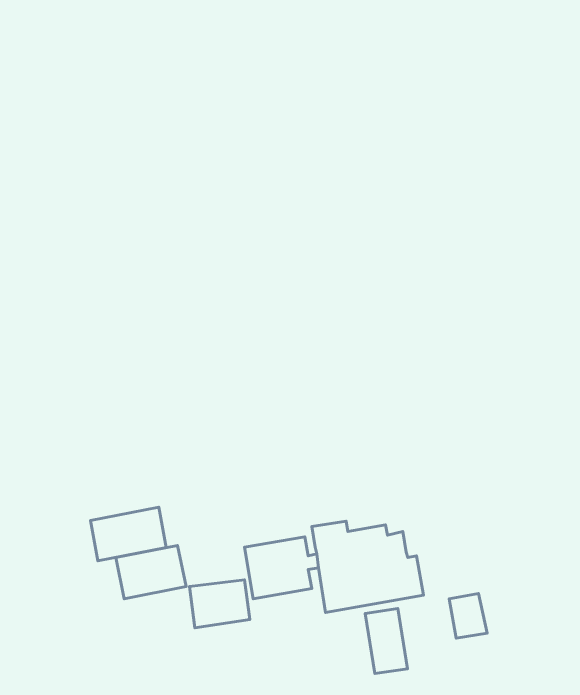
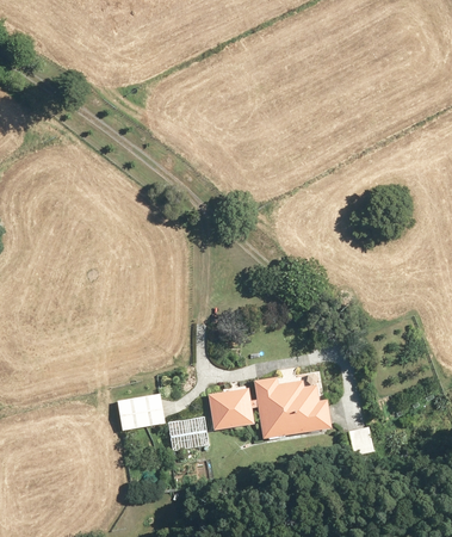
building: [91,507,166,561] -> none
building: [365,609,407,673] -> none

